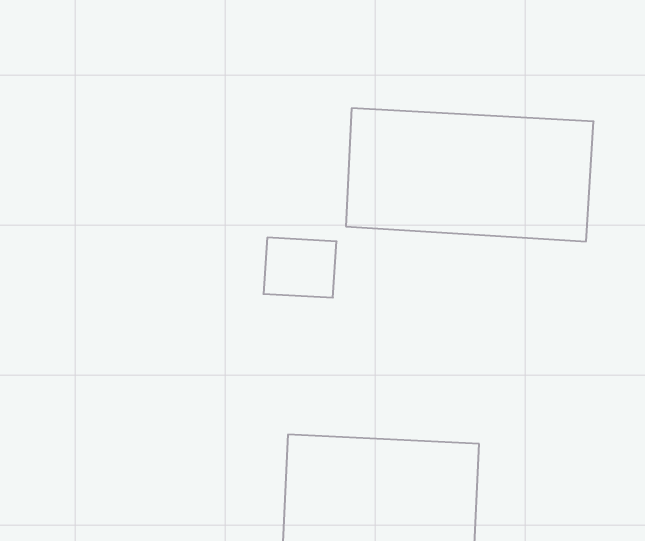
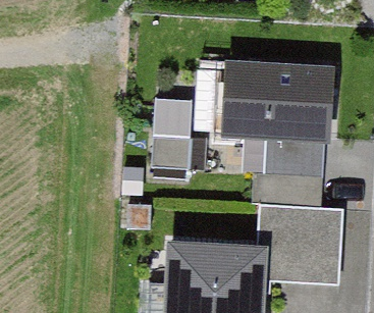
building: none -> [265,141,326,201]
building: none -> [269,205,341,279]

